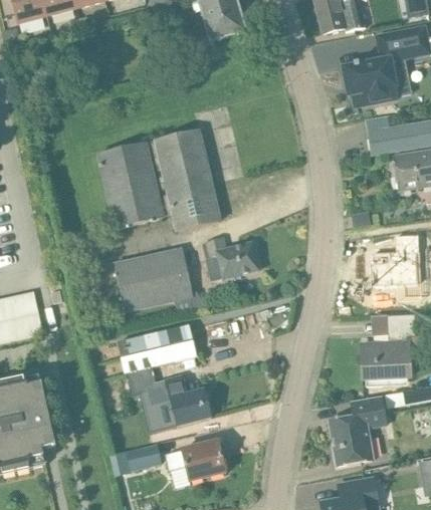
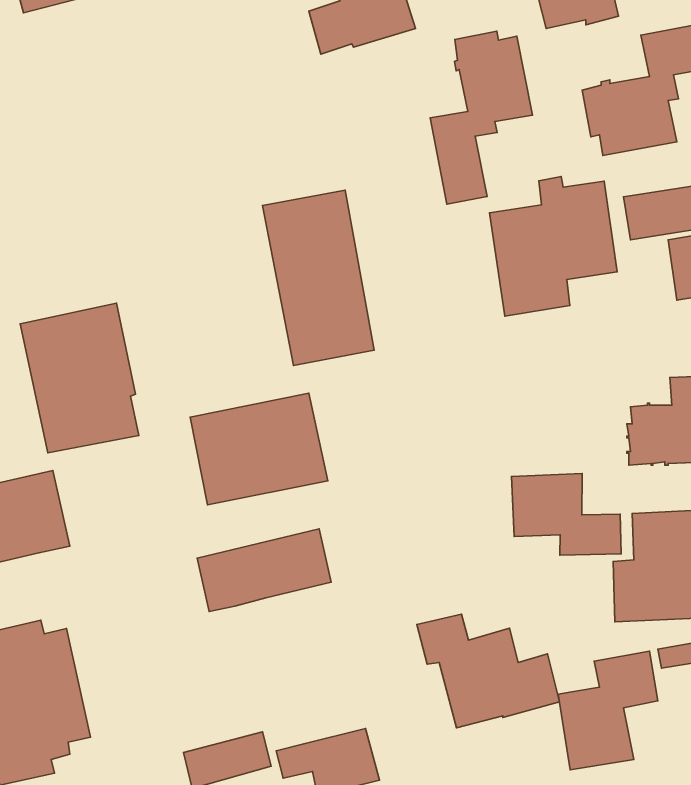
building: none -> [430,31,532,204]
building: none -> [489,176,617,316]
building: [97,139,167,226] -> [20,303,139,453]
building: [205,236,257,281] -> none
building: none -> [511,474,621,555]
building: [126,366,209,433] -> [417,614,559,728]

